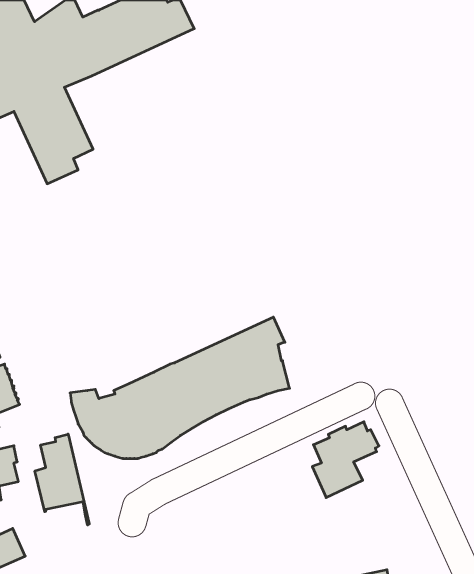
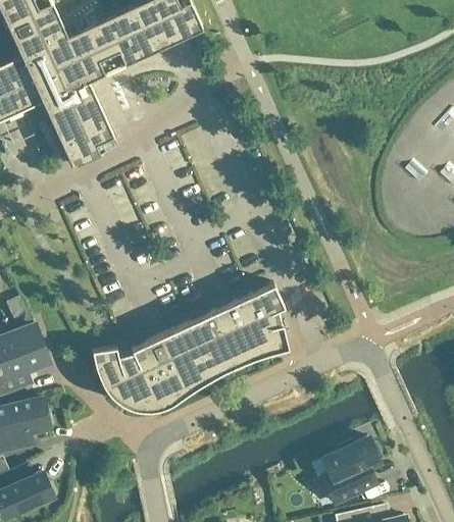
building: [312,422,379,498] -> [322,436,382,504]
building: [35,434,89,525] -> none

